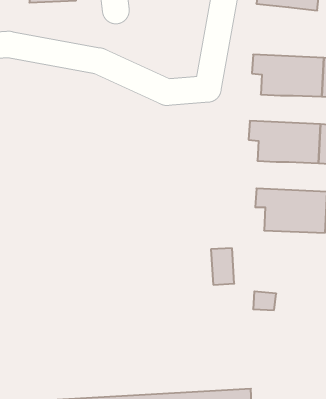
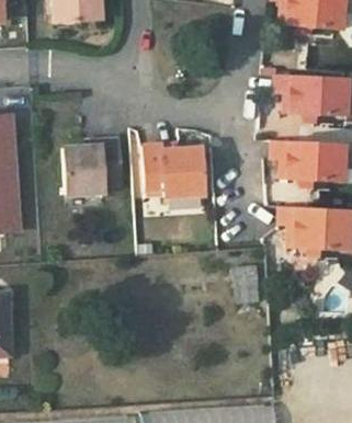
building: none -> [63,139,123,195]
building: none -> [143,145,205,197]

